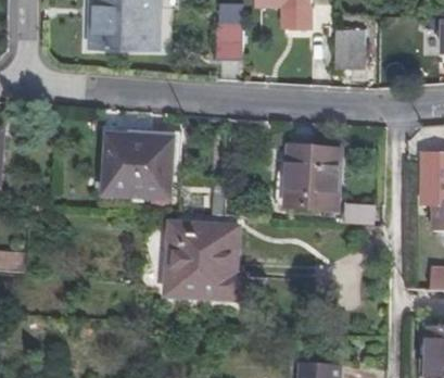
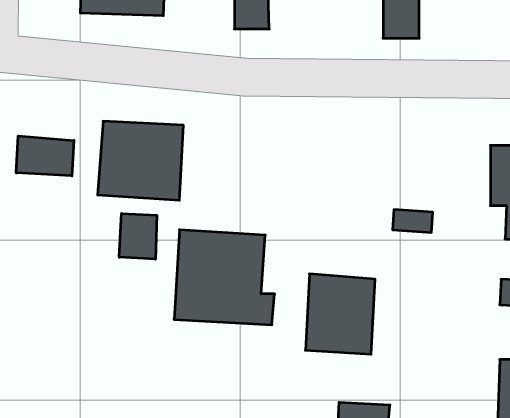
building: [284,146,341,211] -> [305,274,375,354]
building: none -> [16,136,74,176]
building: none -> [119,213,157,259]

